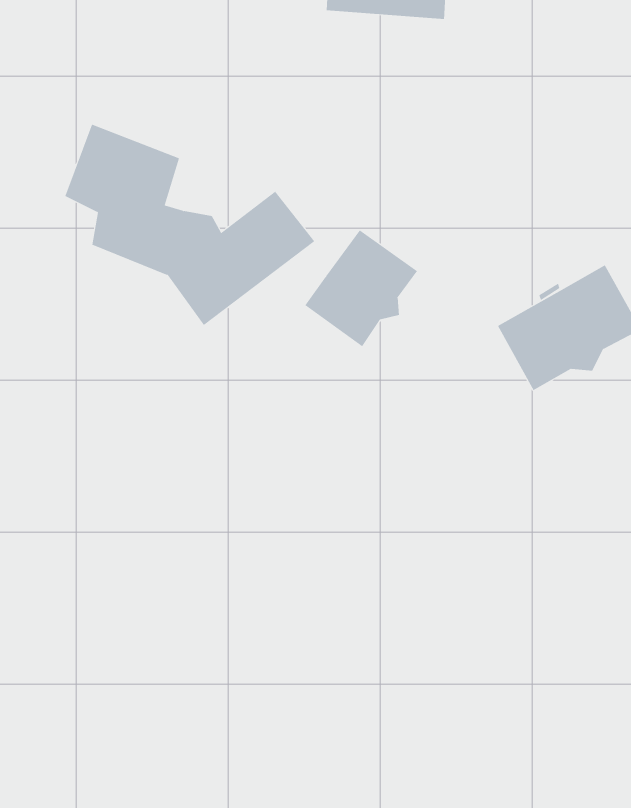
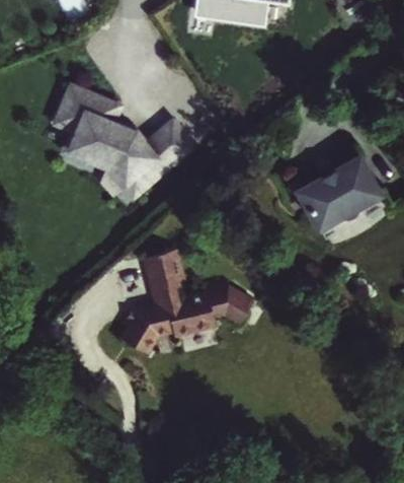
building: [304,229,418,347] -> none
building: none -> [117,248,251,350]

